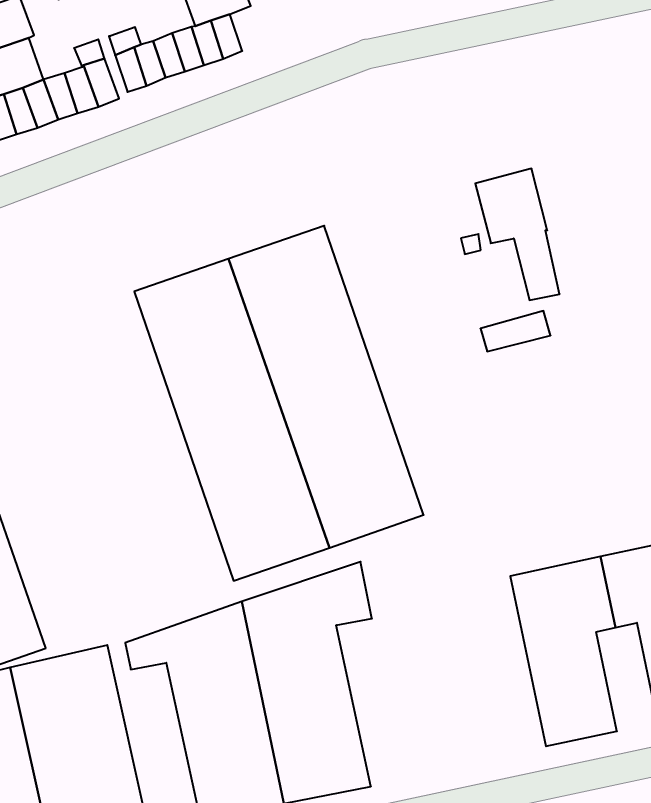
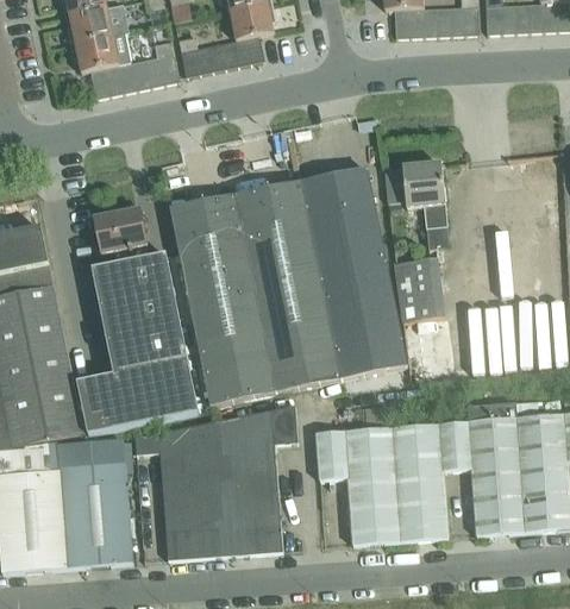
building: none -> [301,168,406,378]
building: none -> [76,208,193,434]
building: none -> [315,426,400,544]

